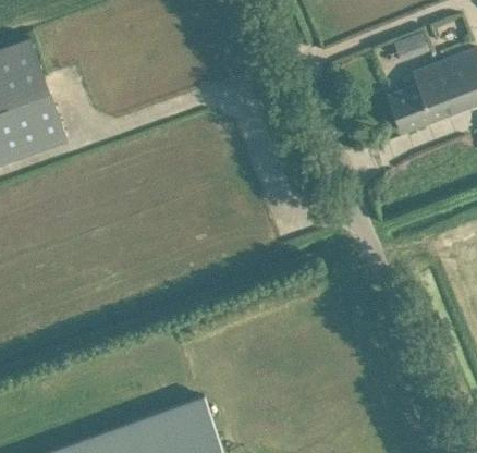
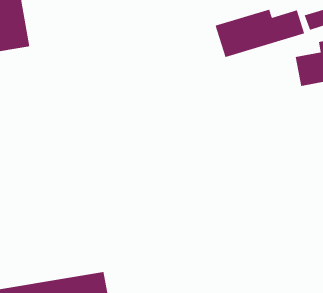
building: none -> [215,9,305,58]

